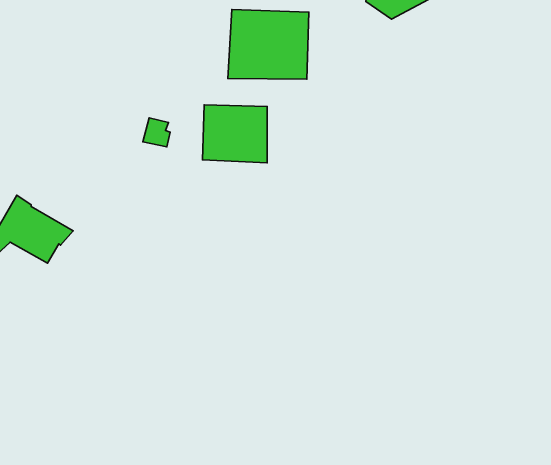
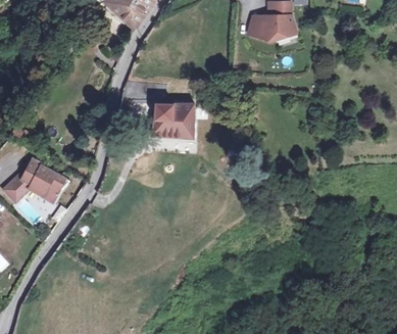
building: [228,10,309,79] -> none

